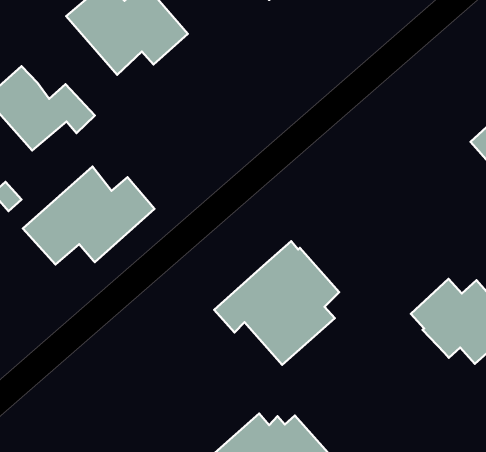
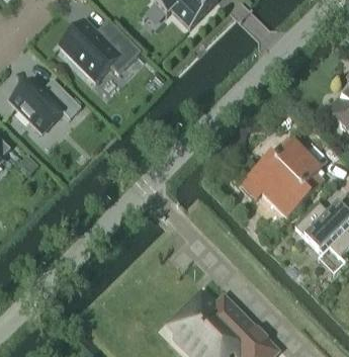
building: [23,167,155,265] -> none
building: [214,241,339,365] -> [239,135,320,215]

